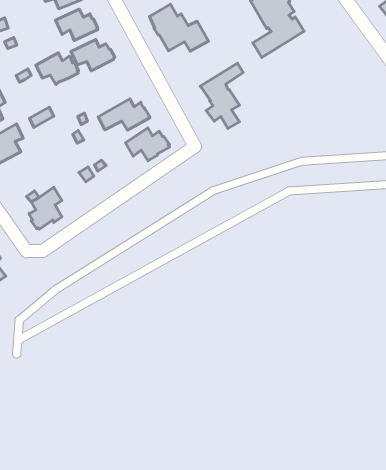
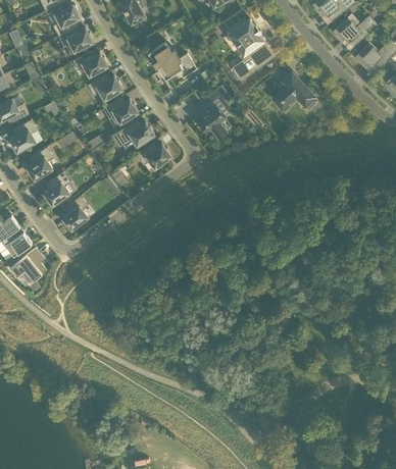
building: [36,53,78,84] -> [103,97,138,122]
building: none -> [273,71,318,109]
building: none -> [44,171,70,205]

